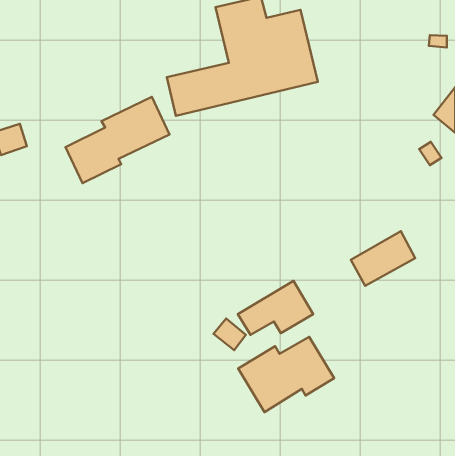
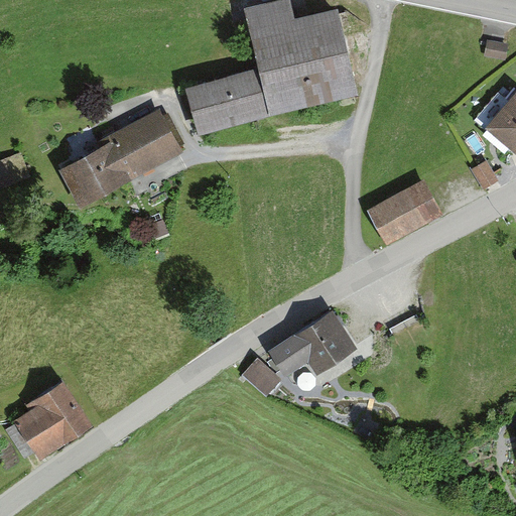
building: [351,231,415,286] -> [366,179,438,241]
building: [238,337,334,412] -> none
building: none -> [9,386,88,460]

